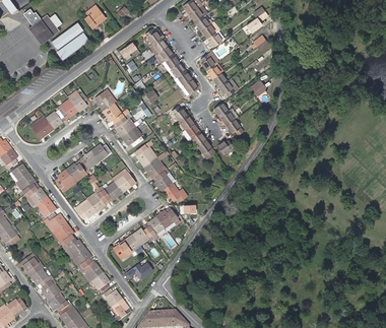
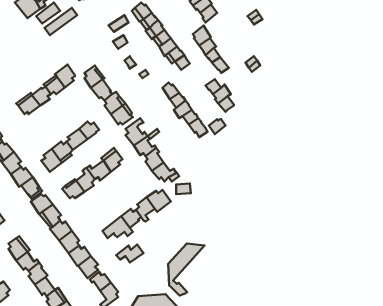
building: none -> [168,243,204,296]

